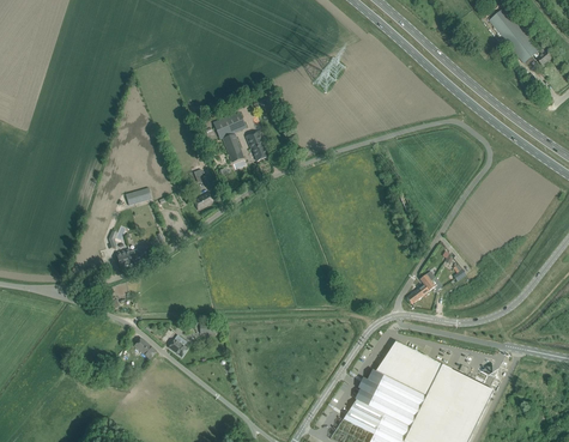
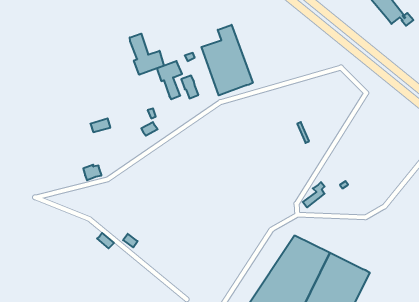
building: none -> [201,25,253,95]
building: none -> [130,34,164,75]

